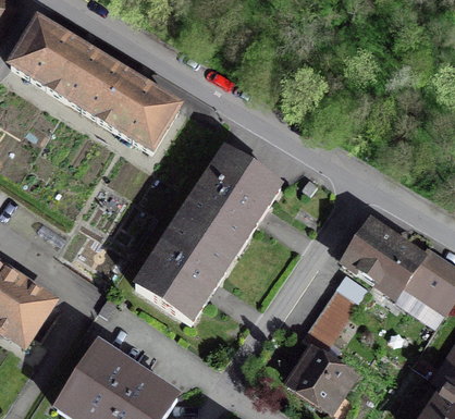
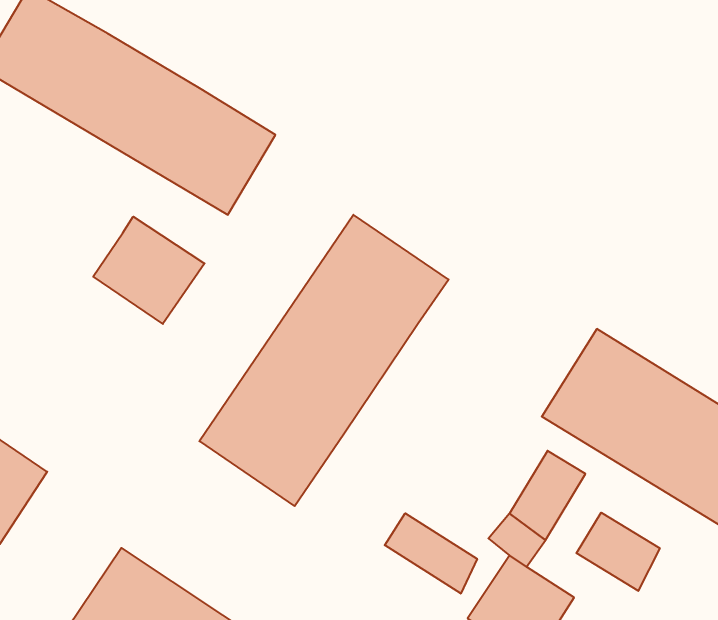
building: none -> [93,217,205,324]
building: none -> [576,513,660,591]
building: none -> [385,513,477,594]

